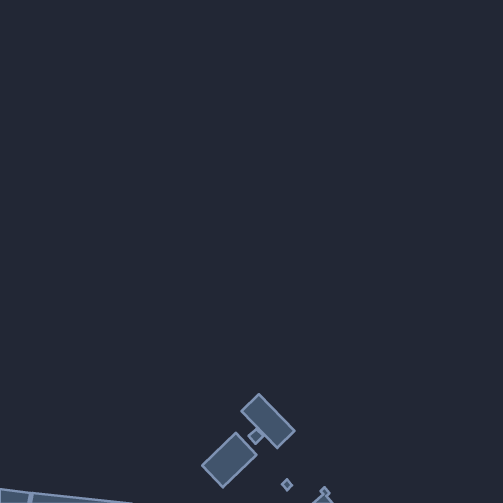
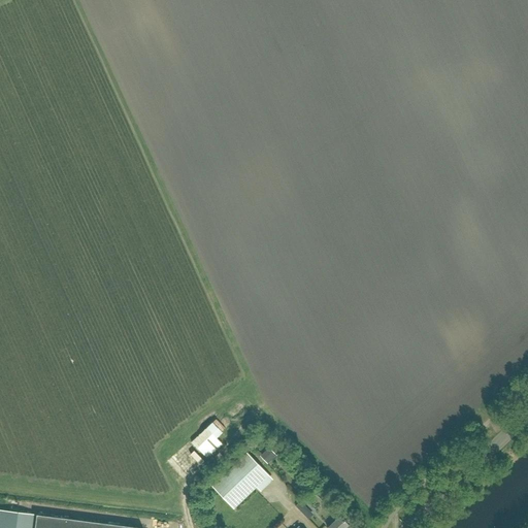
building: [242,394,294,448] -> none
building: none -> [195,420,225,454]

